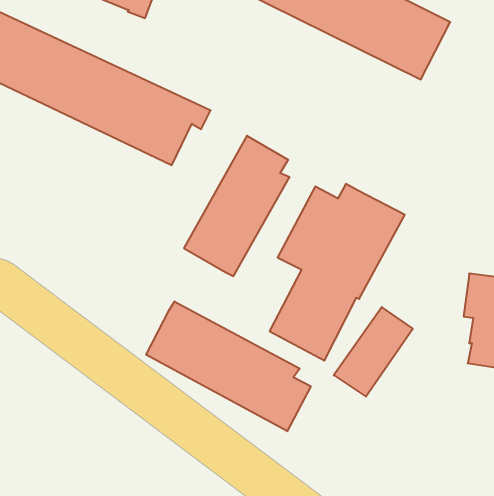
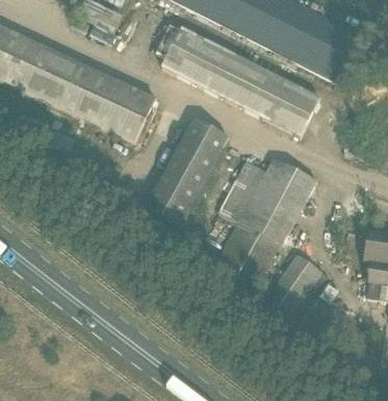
building: none -> [161,29,318,136]
building: [146,301,311,431] -> none

